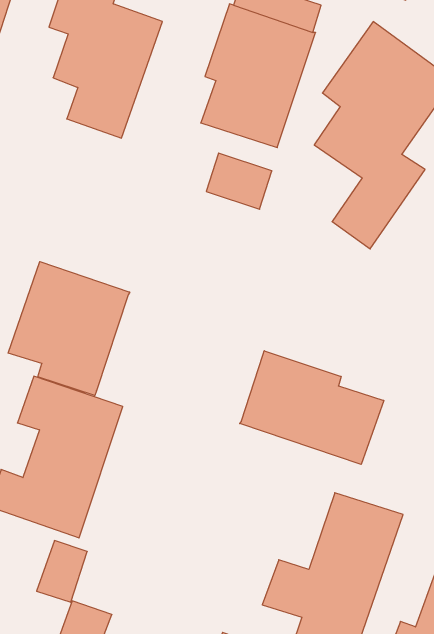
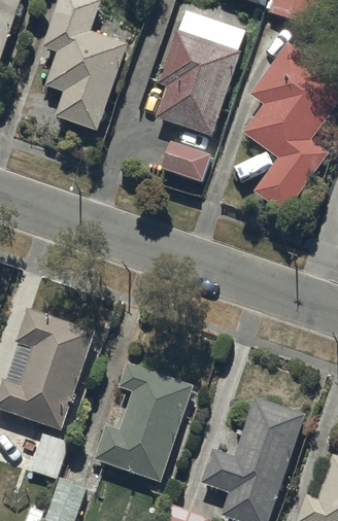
building: [8,262,130,396] -> none
building: [240,351,384,464] -> none
building: none -> [94,363,192,480]

